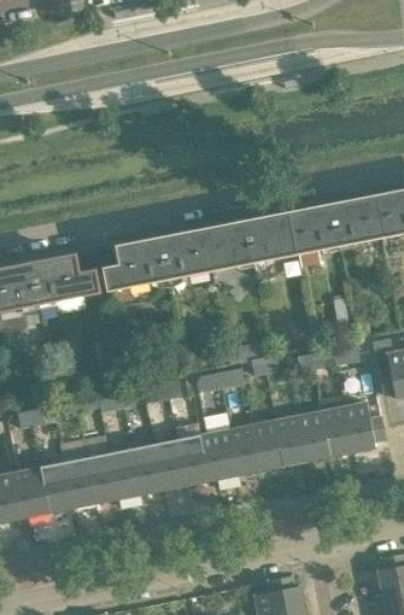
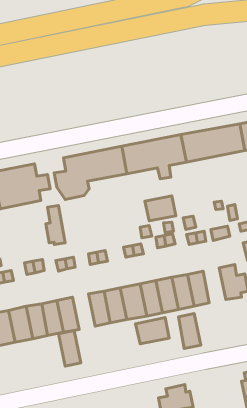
building: none -> [145,196,176,221]
building: [320,405,352,456] -> [178,313,201,348]
building: [130,443,163,494] -> [58,330,81,366]
building: none -> [135,318,169,344]

